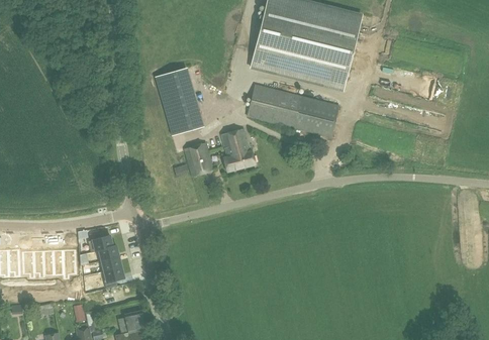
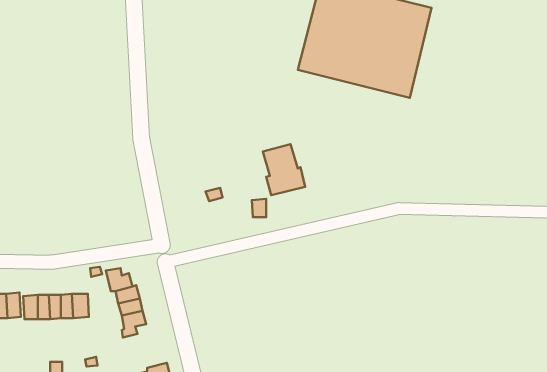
building: [155,67,201,134] -> none
building: [247,84,338,136] -> none
building: [183,141,213,176] -> none

